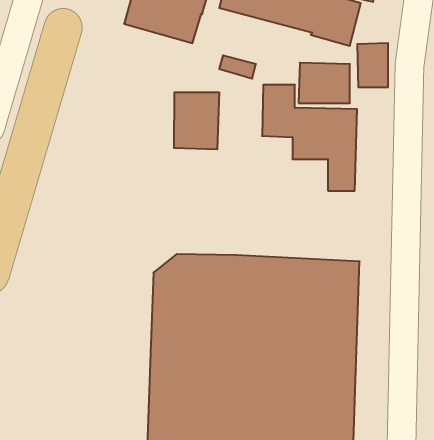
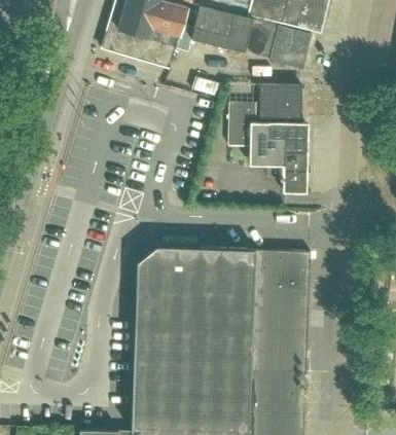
building: [357,43,388,87] -> none
building: [174,92,219,149] -> none

